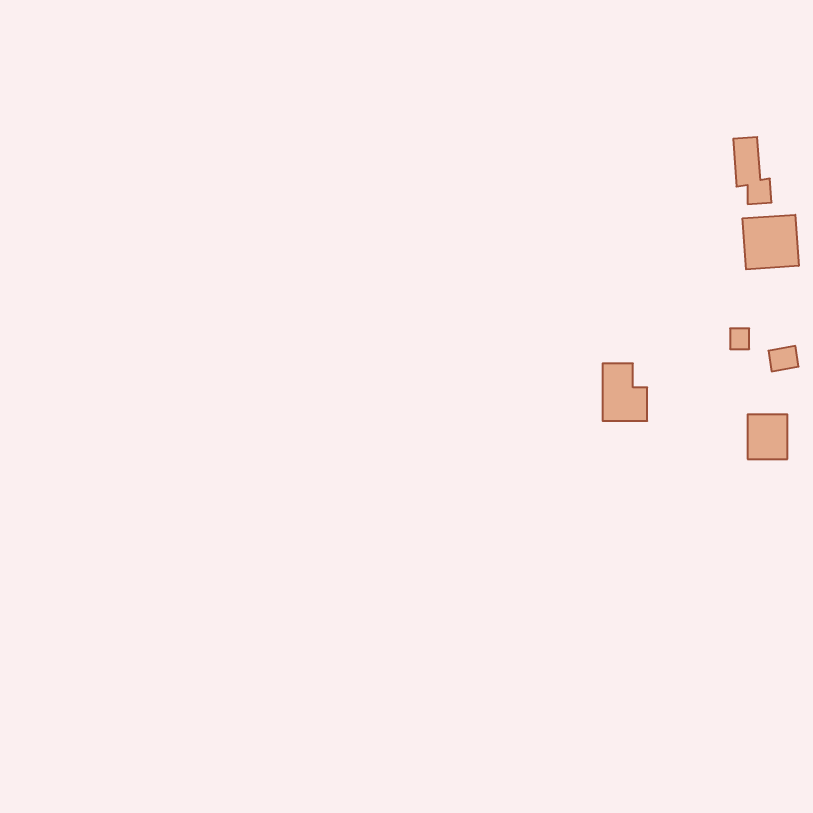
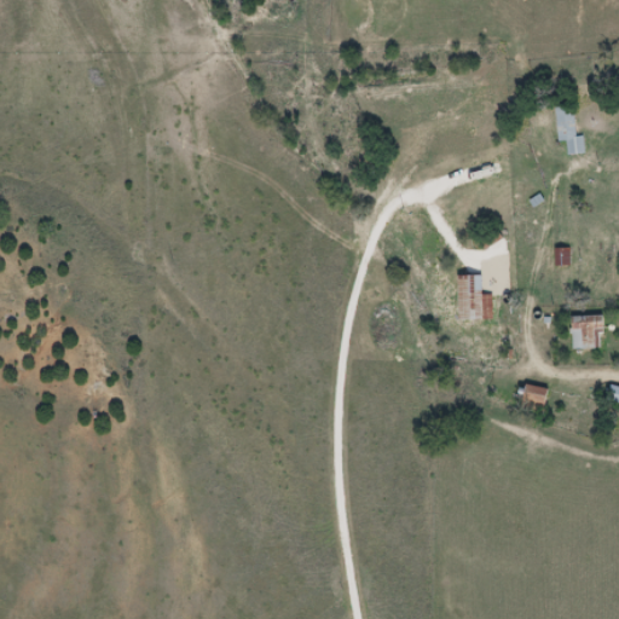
building: [743,215,799,269] -> none
building: none -> [520,384,546,411]

